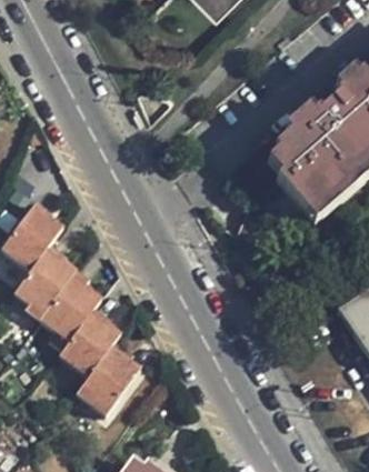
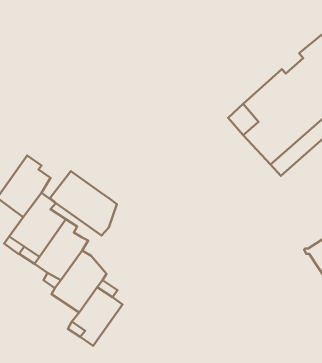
building: none -> [50,171,117,235]

